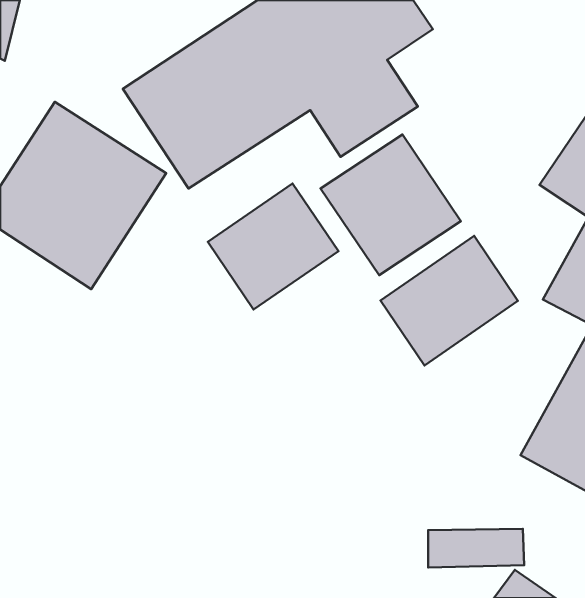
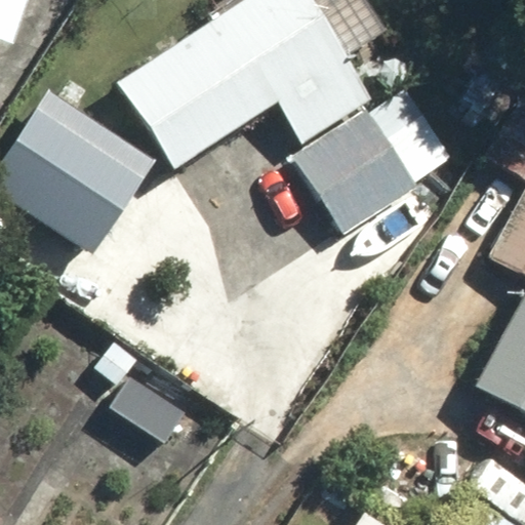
building: [208,183,338,310] -> none
building: [380,236,518,365] -> none

